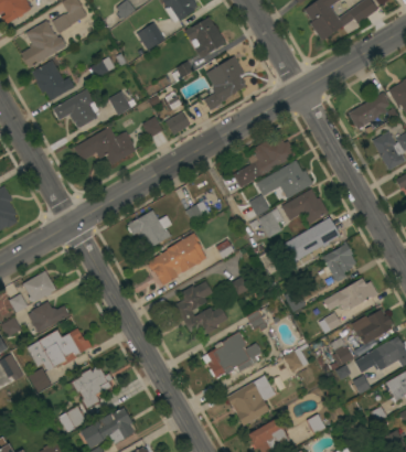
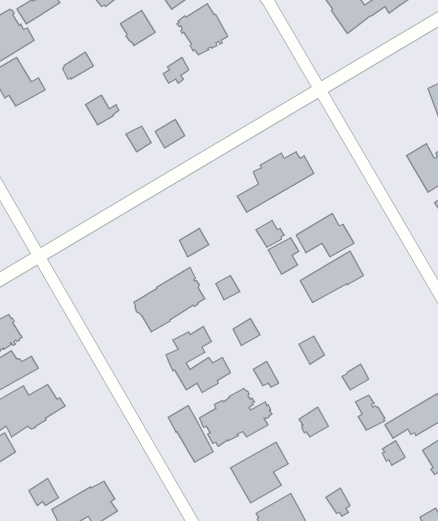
building: [203,56,245,110] -> none
building: [53,89,99,128] -> none
building: [348,93,391,130] -> none
building: [74,127,136,165] -> none
building: [274,160,313,197] -> none
building: [127,211,172,250] -> none
building: [322,243,356,282] -> none
building: [332,278,377,313] -> none
building: [351,310,393,344] -> none
building: none -> [168,406,213,462]
building: [72,366,113,410] -> none

